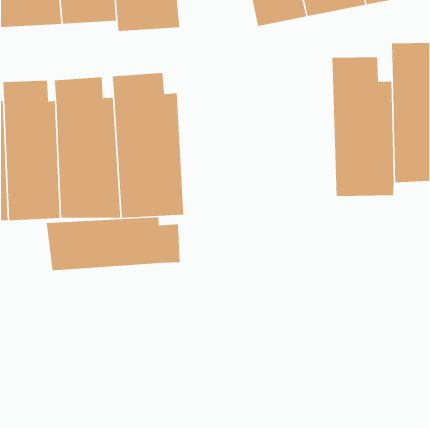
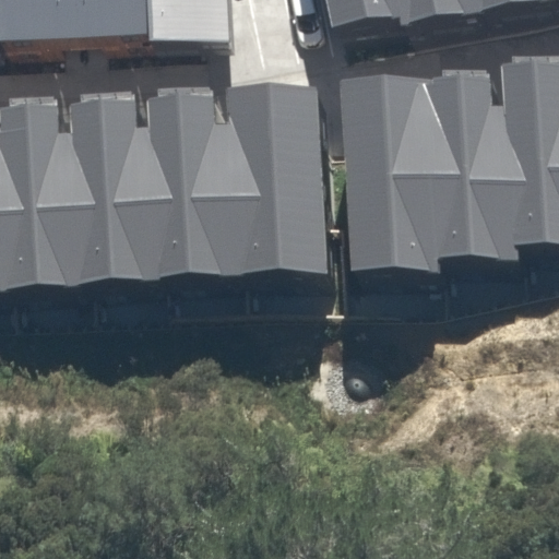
building: none -> [341,74,436,272]
building: none -> [228,82,329,280]
building: [46,217,181,271] -> none

